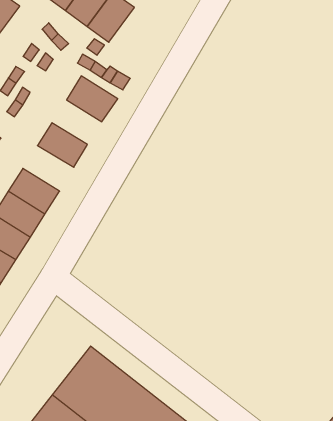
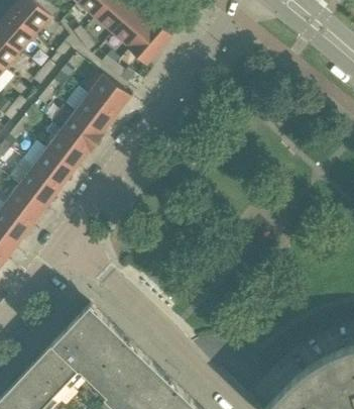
building: none -> [127,23,169,67]
building: none -> [73,96,115,135]
building: none -> [44,132,88,173]

